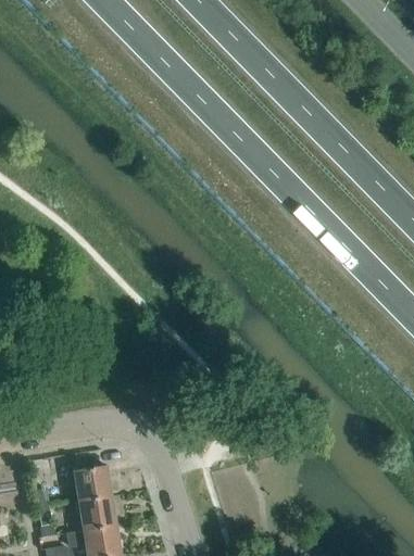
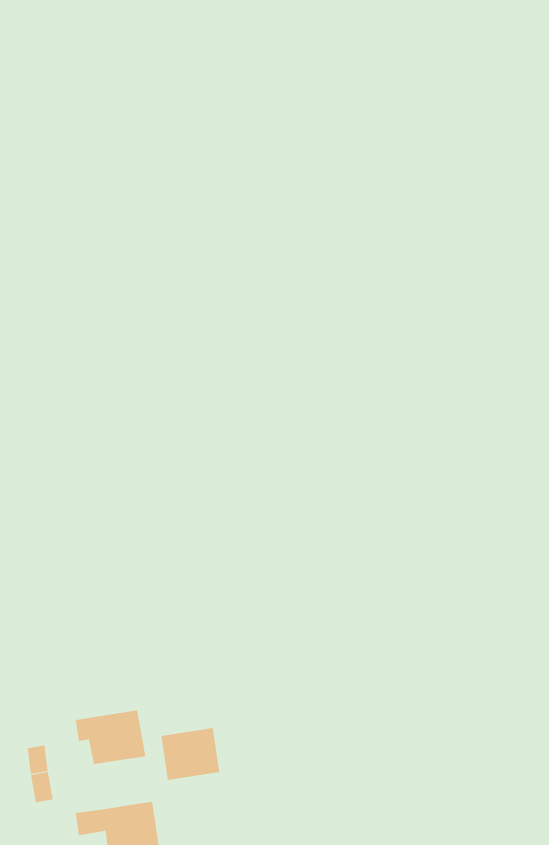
building: [78,496,117,531] -> [160,728,220,781]

